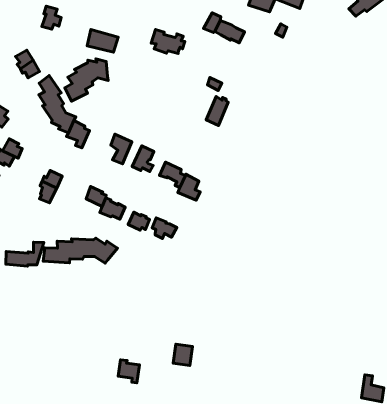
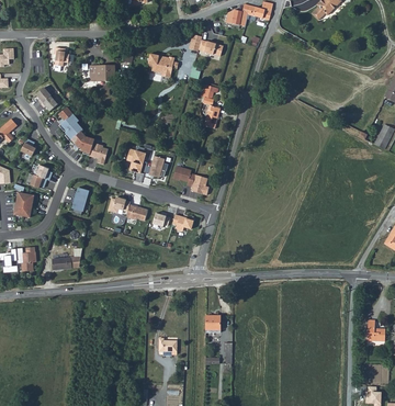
building: [65,59,108,101] -> none
building: [43,238,117,263] -> none

